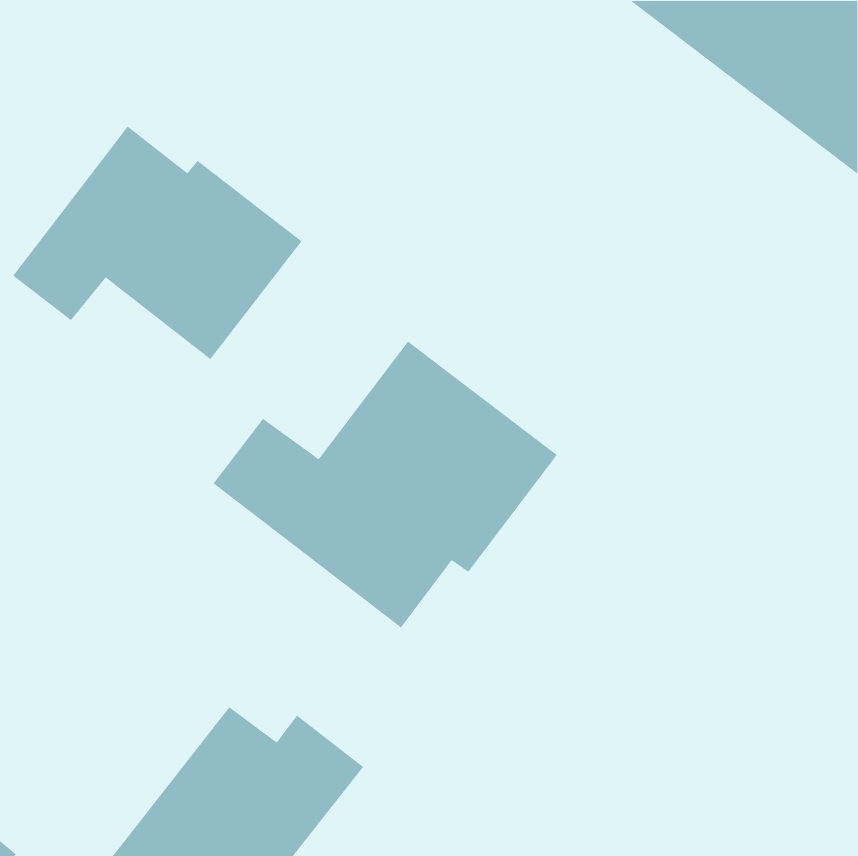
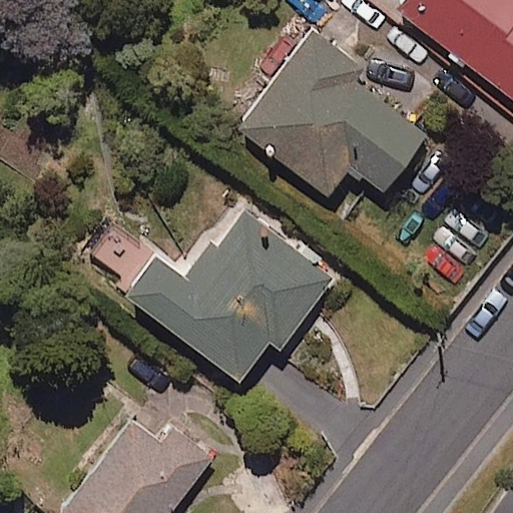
building: none -> [236,29,425,193]
building: [12,126,302,360] -> none

